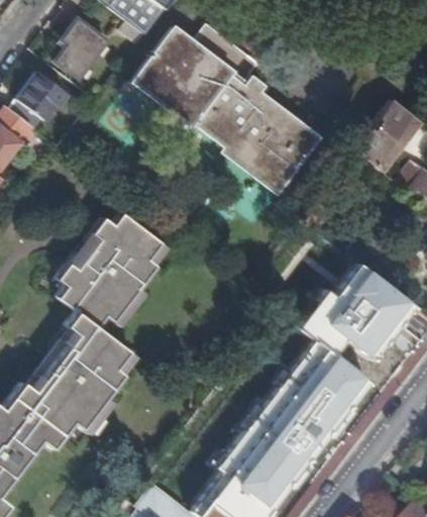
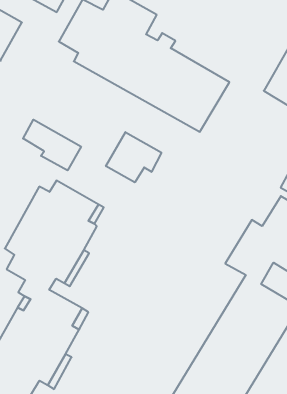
building: none -> [23,120,81,170]
building: none -> [106,132,161,182]

